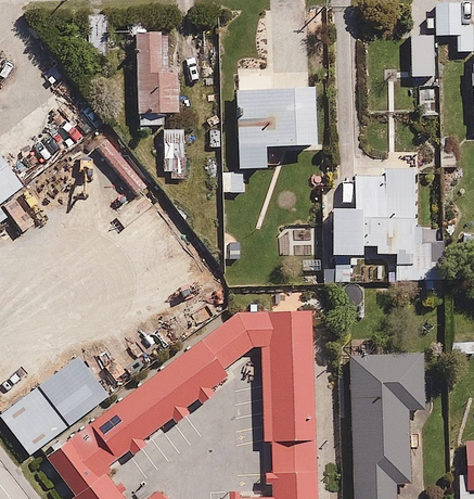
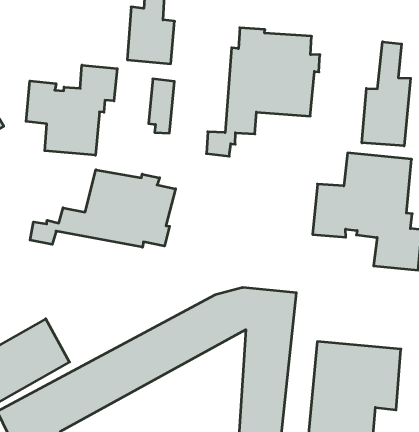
building: none -> [362,42,411,146]
building: none -> [26,65,117,155]
building: none -> [30,170,176,247]

